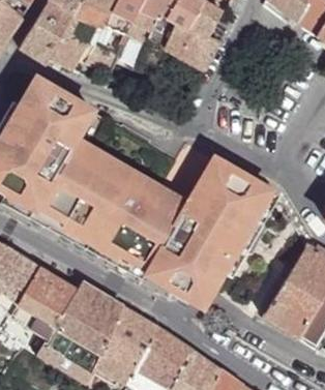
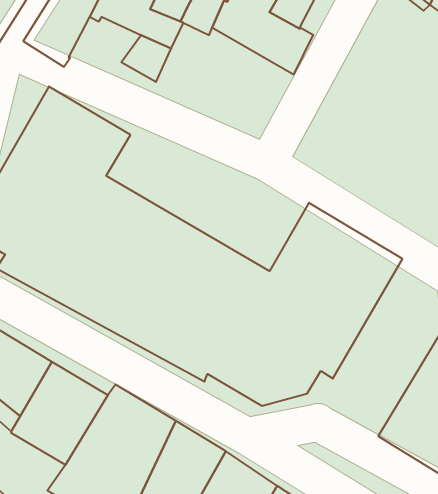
building: [50,29,89,68] -> none

